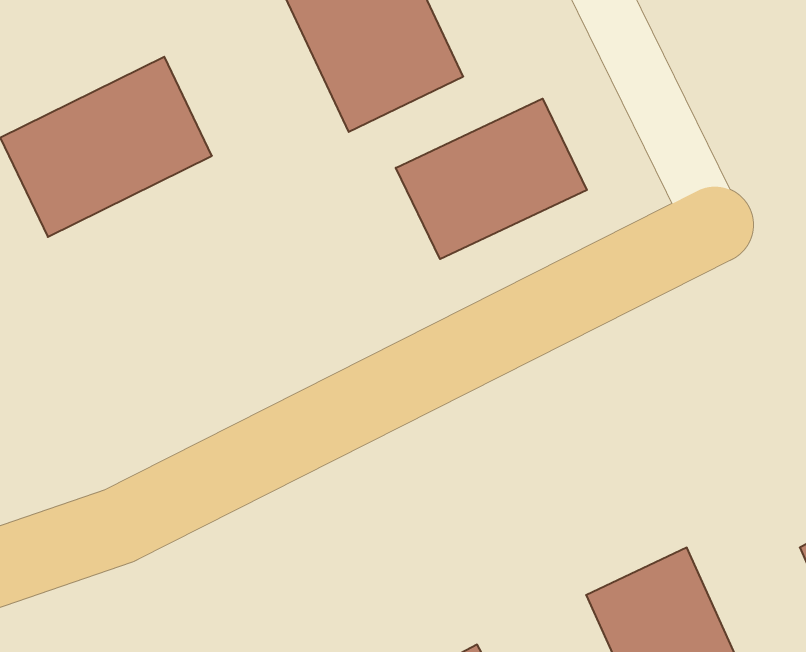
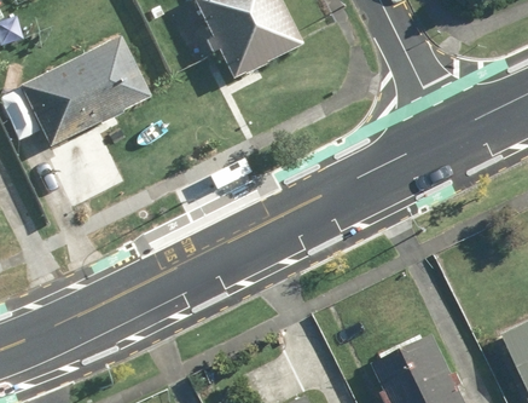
building: [396,99,587,259] -> none

